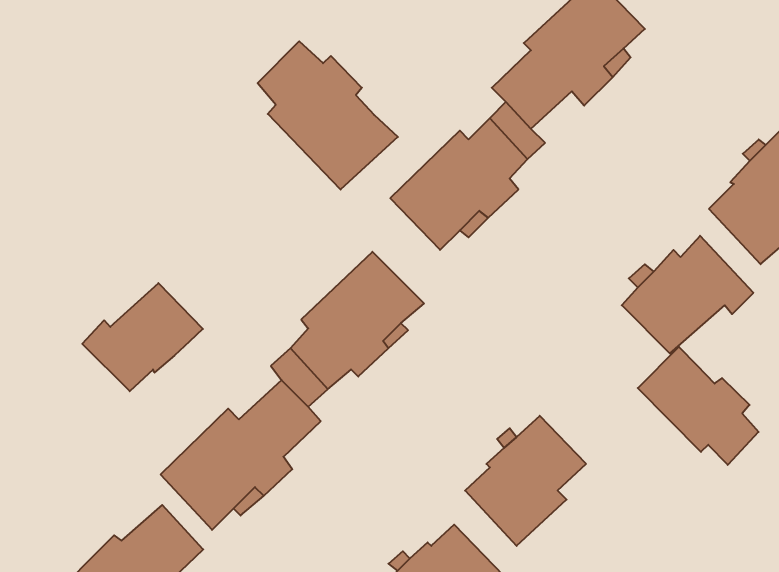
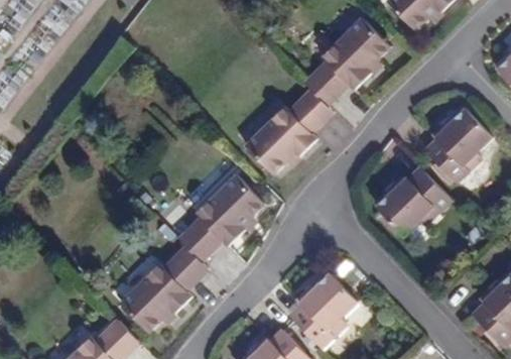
building: [258,41,398,190] -> none
building: [82,283,203,391] -> none
building: [638,347,759,465] -> none

